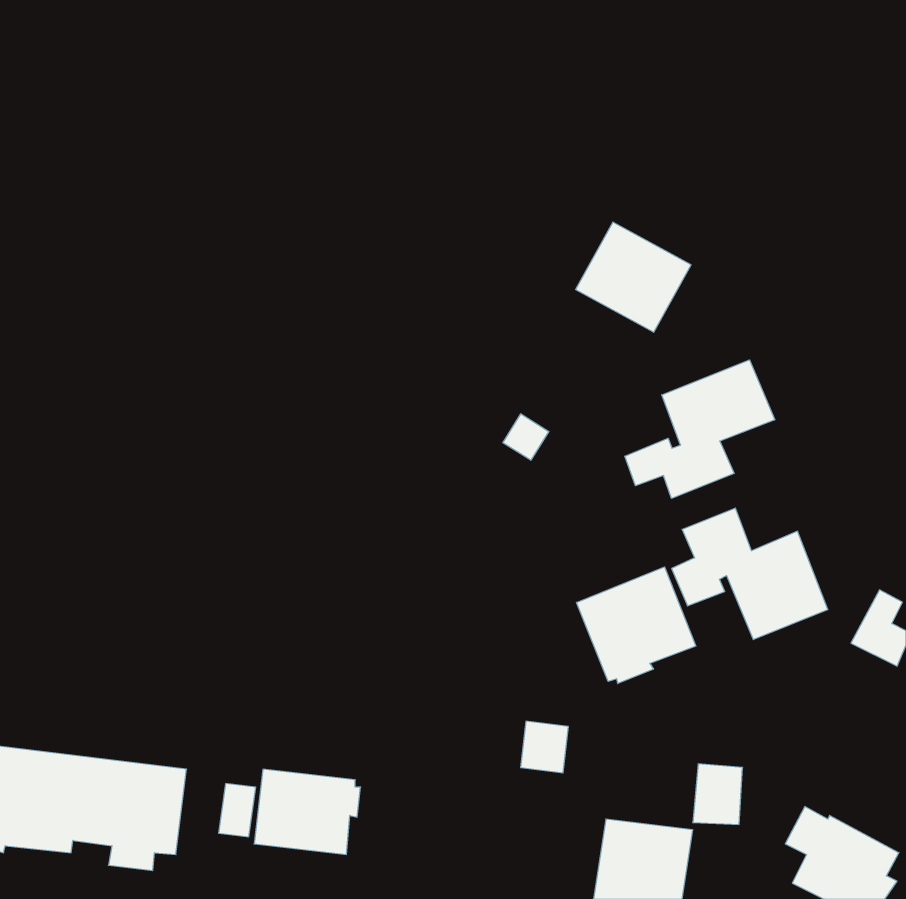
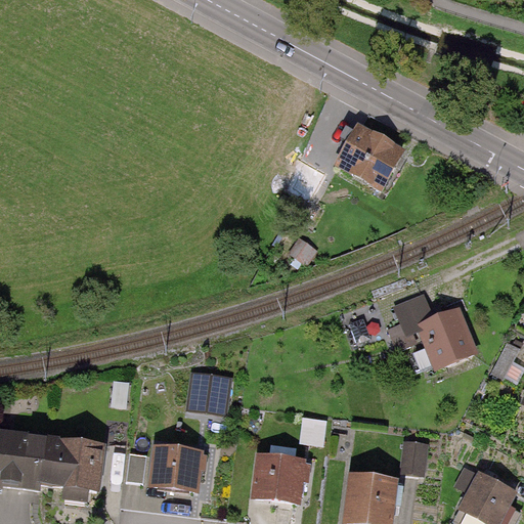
building: [625,360,775,498] -> none
building: [577,567,696,684] -> none
building: none -> [186,370,232,416]
building: none -> [252,452,311,504]

